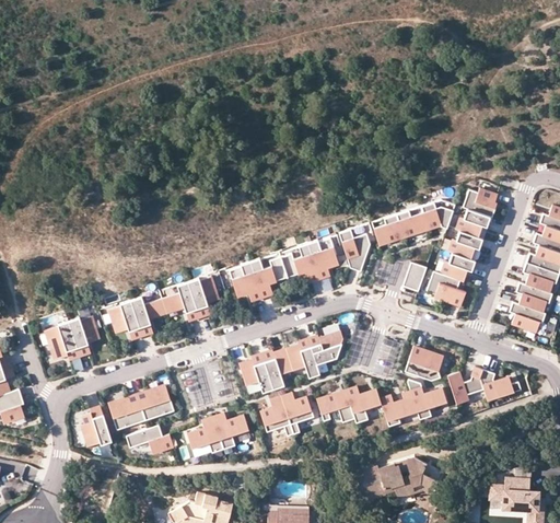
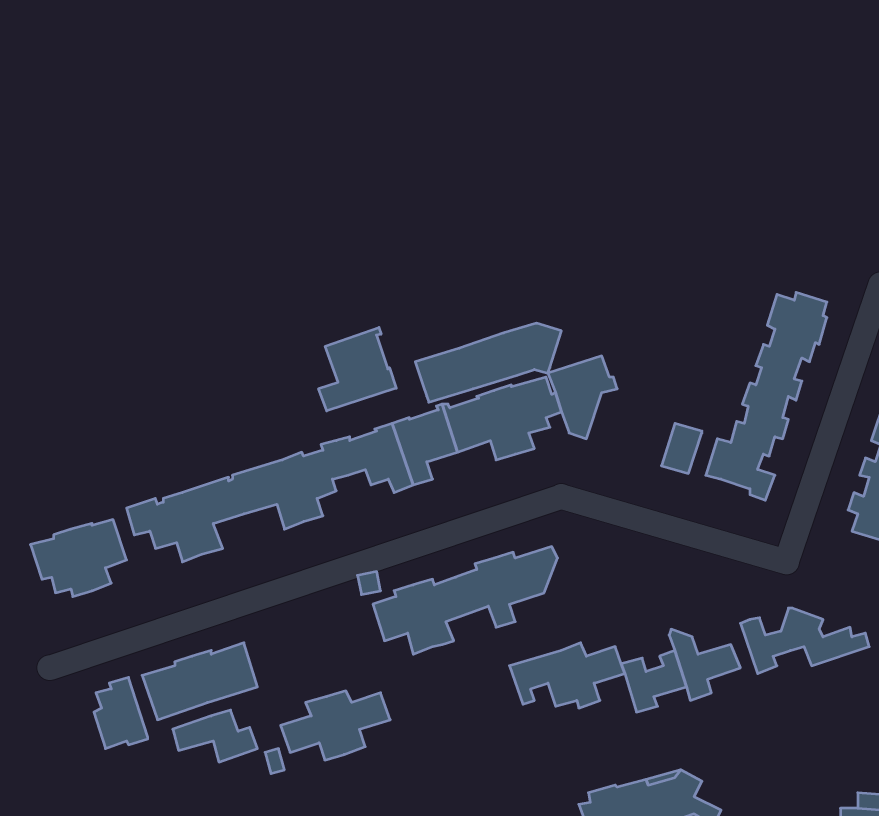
building: [371,200,454,245] -> [415,323,561,402]
building: none -> [319,327,396,411]
building: [405,346,443,381] -> none
building: [259,393,313,437] -> none

